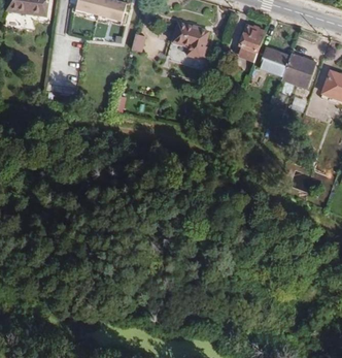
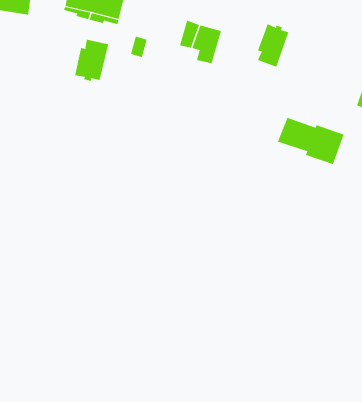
building: none -> [74,39,109,82]
building: [259,47,315,88] -> [277,117,344,165]

